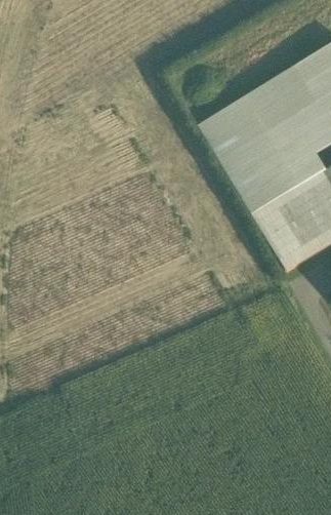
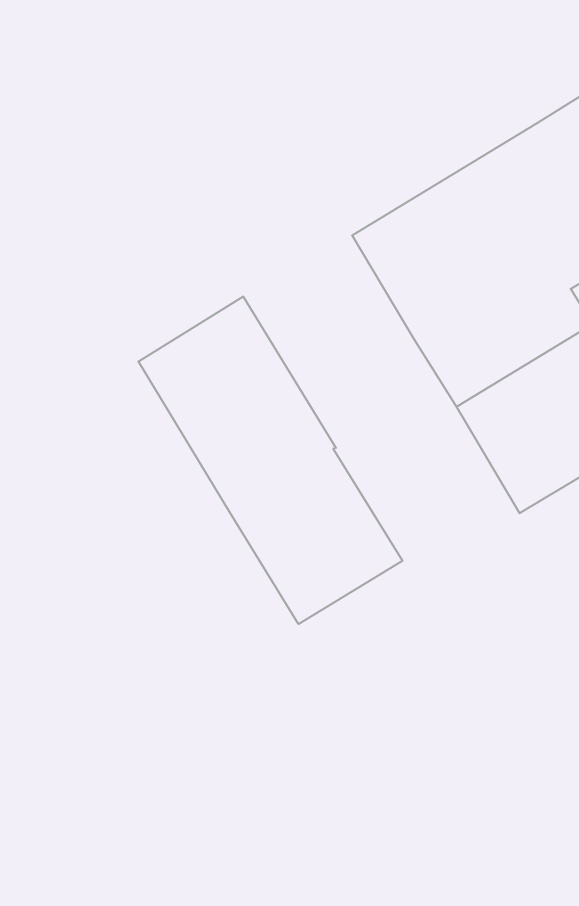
building: none -> [138,296,402,624]

